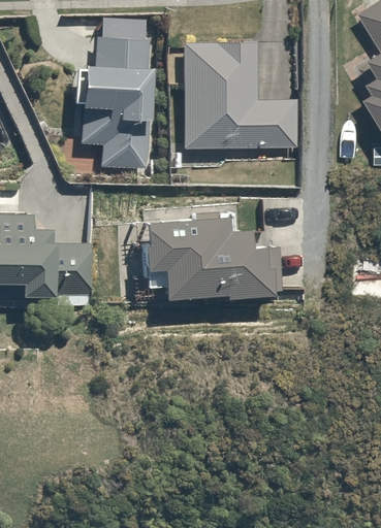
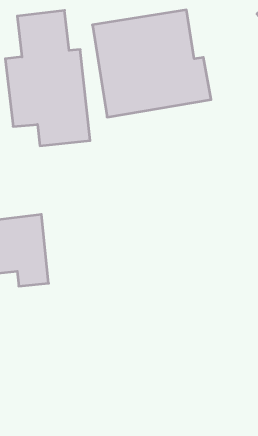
building: [129,220,277,306] -> none

